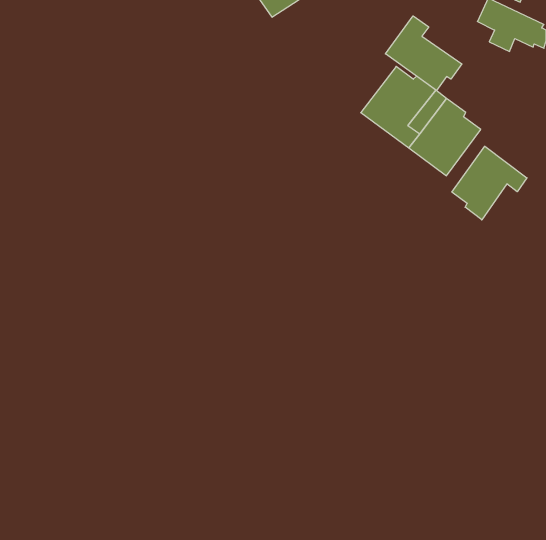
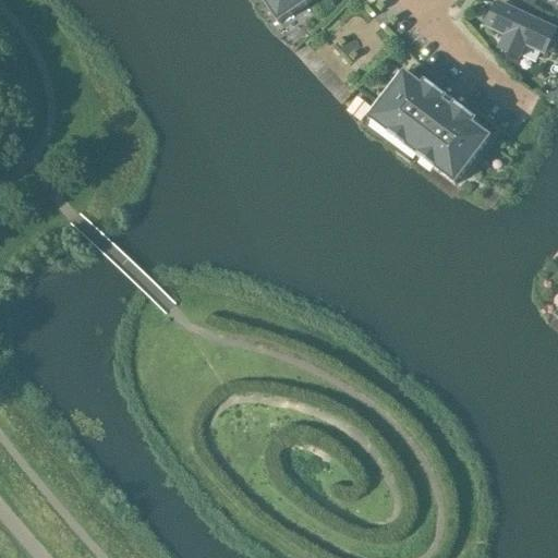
building: [385,16,462,90] -> none
building: [452,146,527,220] -> none

